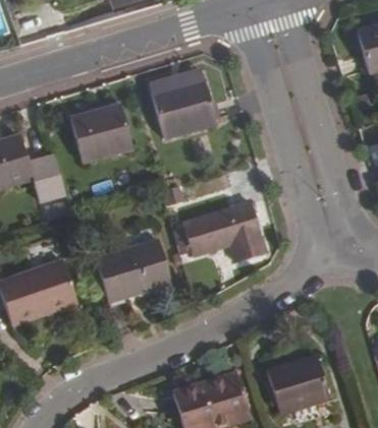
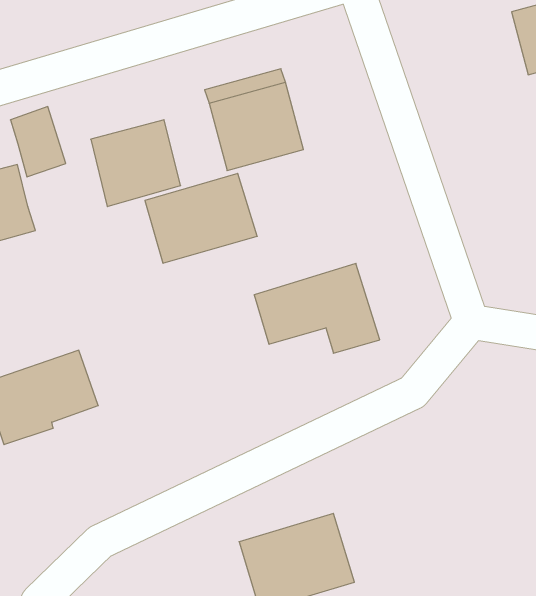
building: [29,154,66,201] -> [10,107,66,177]
building: [96,240,172,301] -> [145,173,257,263]
building: [267,355,330,414] -> none

